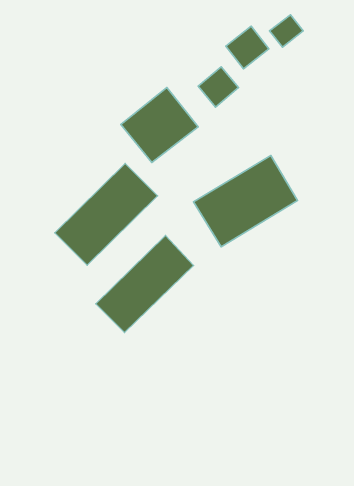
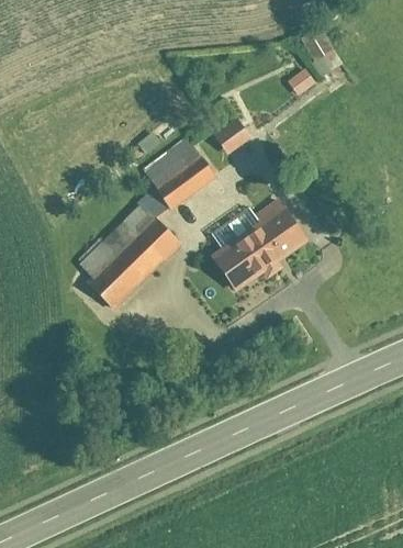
building: [226,26,269,69] -> none
building: [96,236,194,333] -> none

